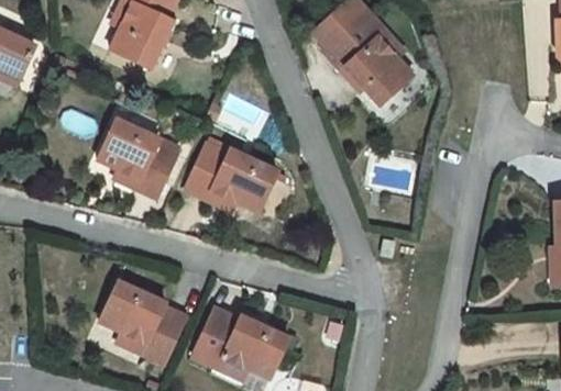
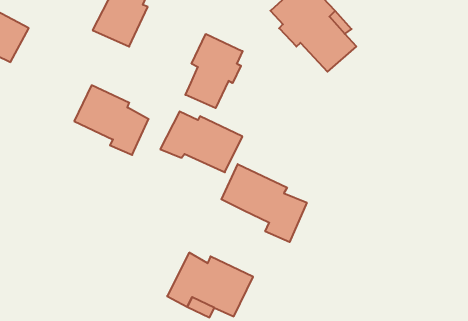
building: none -> [185,34,243,108]
building: none -> [221,164,307,242]
building: [101,280,185,365] -> none

